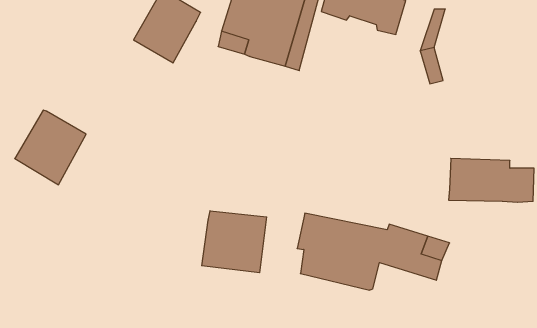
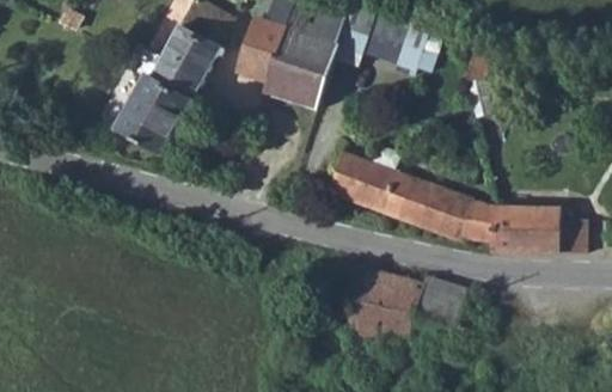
building: none -> [323,140,491,240]
building: [15,110,86,185] -> [111,74,189,155]
building: [202,211,267,273] -> none

